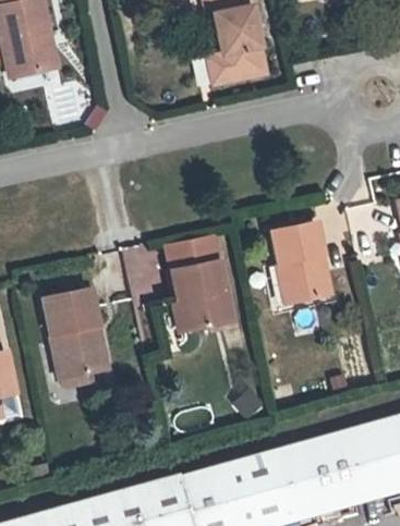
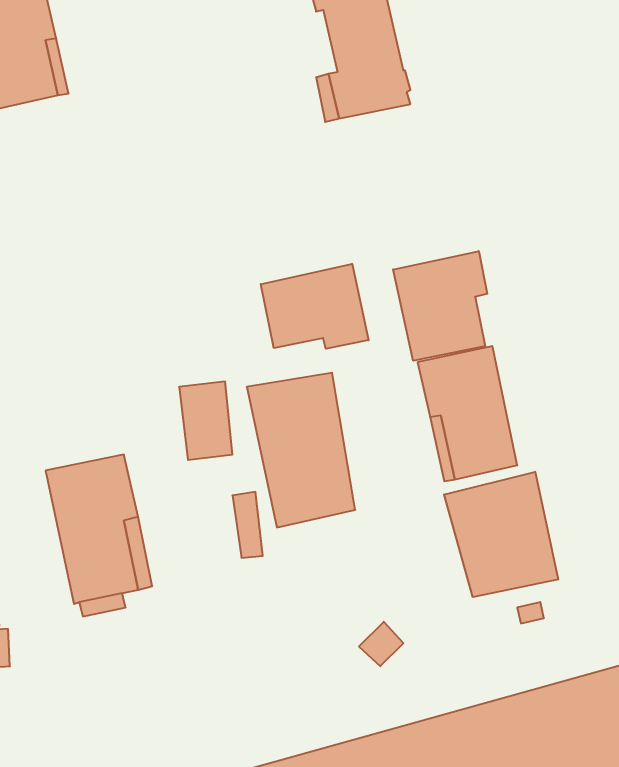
building: none -> [393,251,487,361]
building: none -> [261,264,369,349]
building: none -> [444,472,558,597]

